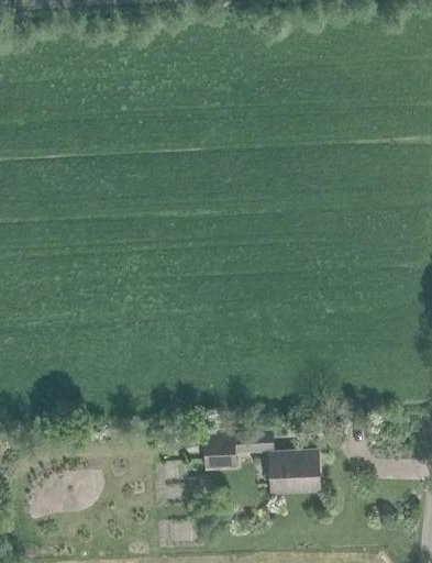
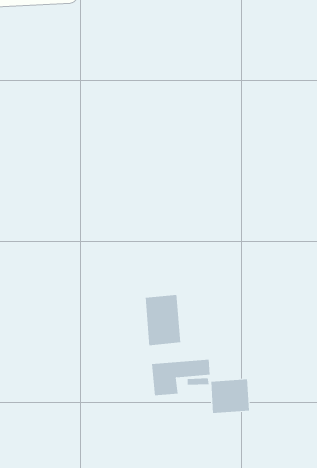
building: none -> [145,294,181,346]

